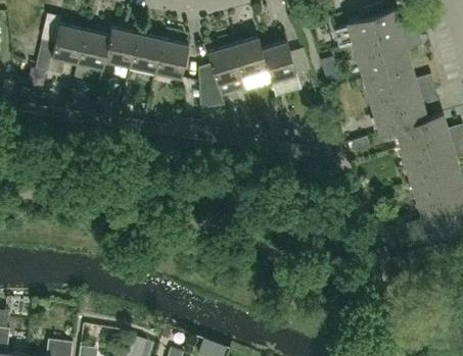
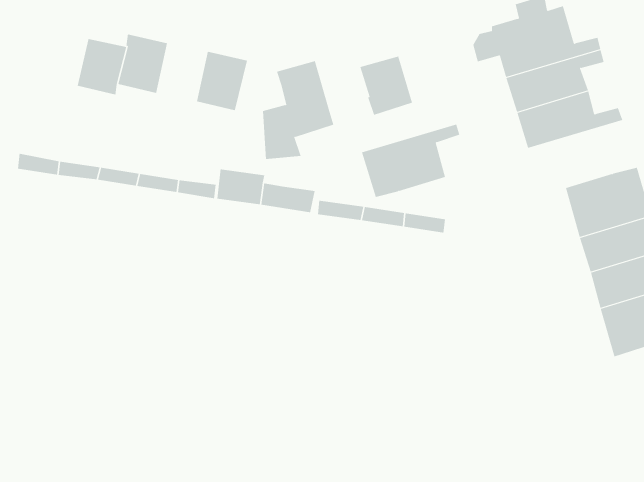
building: [36,24,85,70] -> none
building: [130,34,163,71] -> none
building: [233,37,268,77] -> none
building: [371,84,435,132] -> [361,124,460,198]

